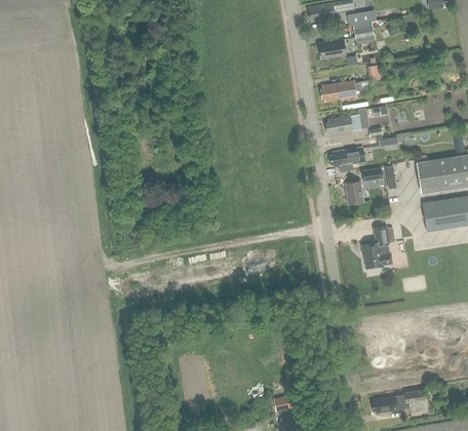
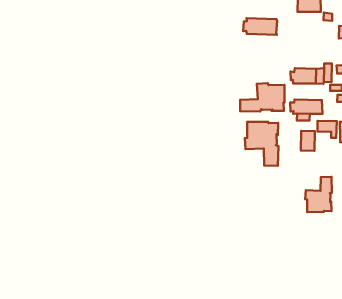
building: [319,81,356,102] -> [243,18,277,35]
building: none -> [240,83,285,111]
building: none -> [245,122,278,166]

